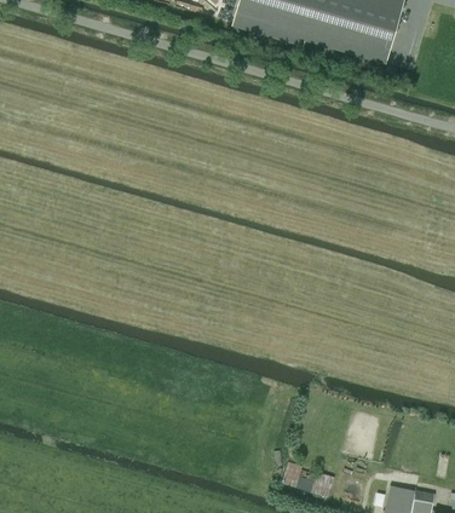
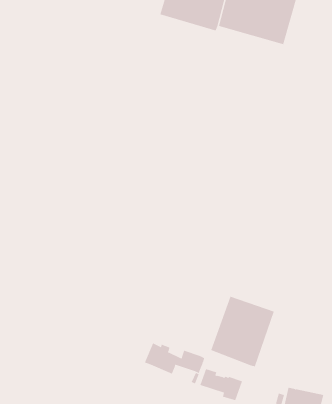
building: none -> [211,296,275,367]
building: none -> [144,343,205,375]

